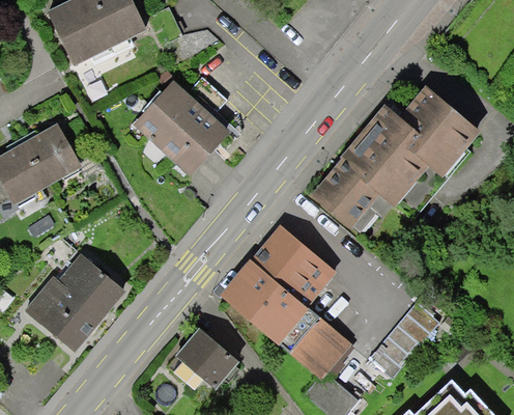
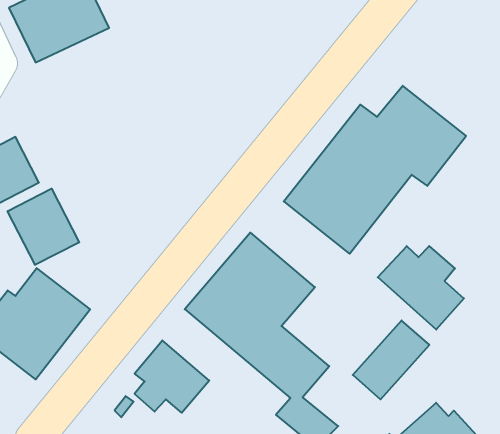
building: [129,78,229,177] -> none
building: none -> [8,189,79,265]
building: none -> [378,246,464,330]

